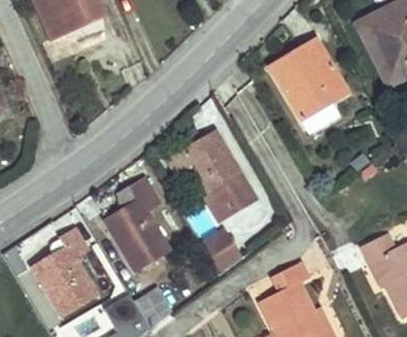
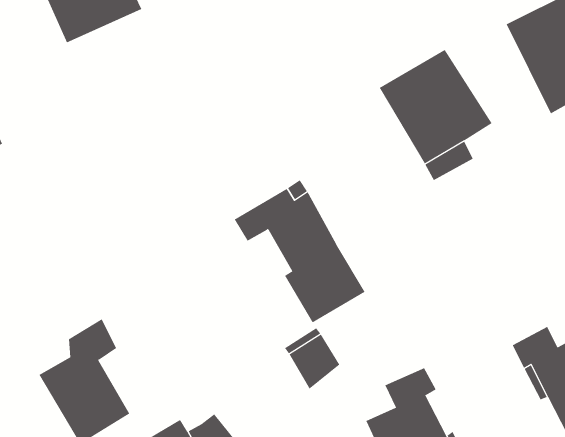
building: [105,178,169,270] -> none

